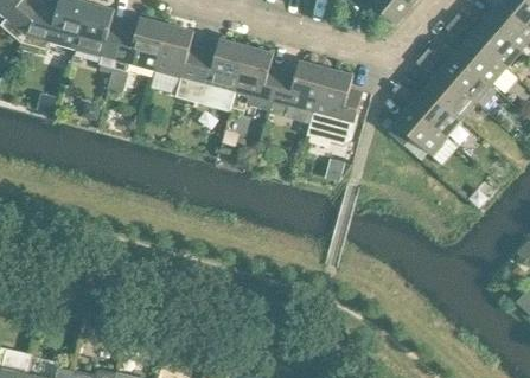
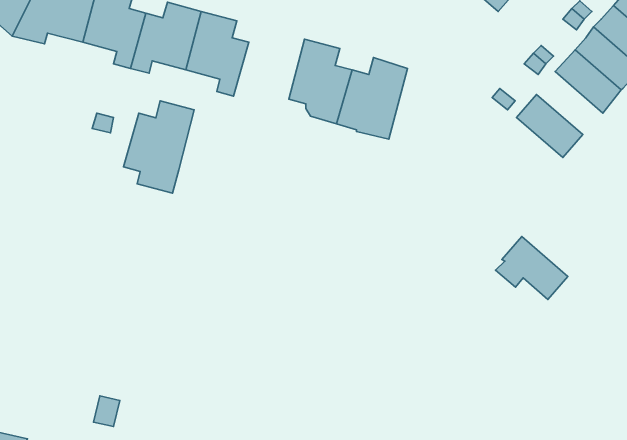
building: [192,39,247,110] -> [123,101,194,193]
building: [308,69,363,143] -> none
building: [426,71,477,120] -> none
building: [390,107,446,155] -> [496,236,568,299]

